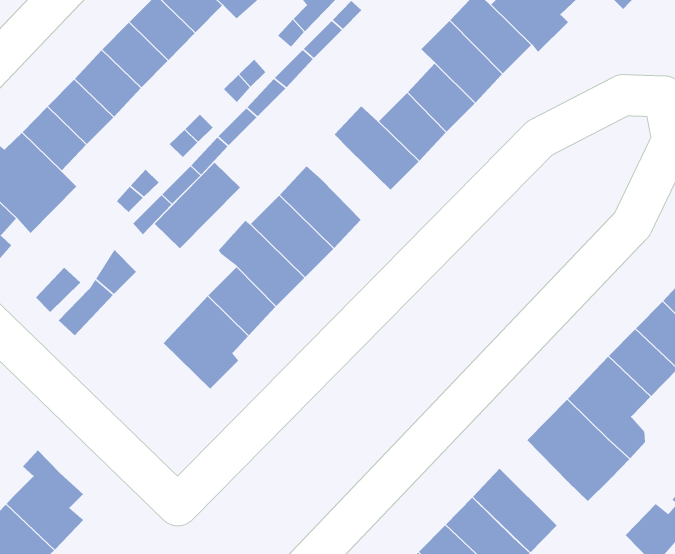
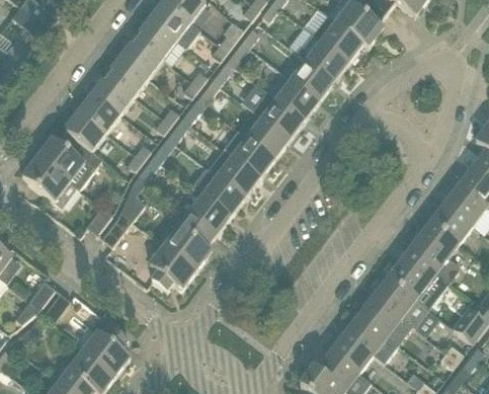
building: none -> [247,117,289,158]
building: [154,162,241,249] -> none
building: none -> [149,245,195,292]
building: none -> [373,278,427,328]

